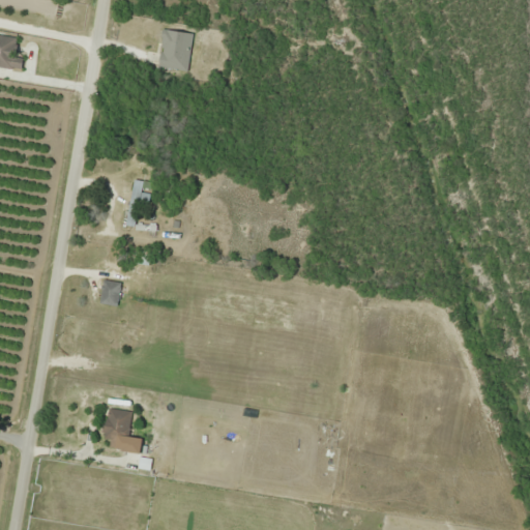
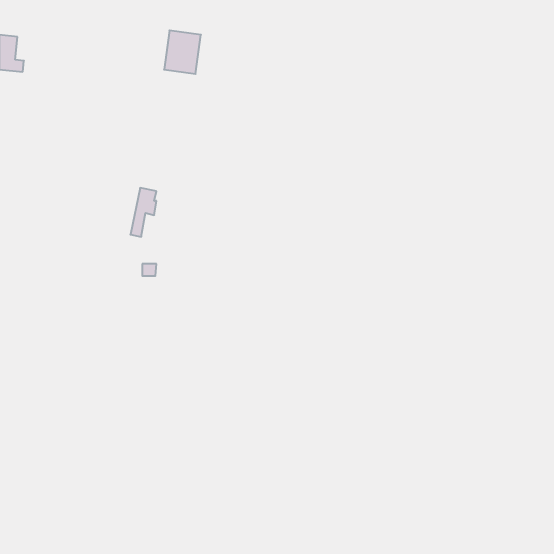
building: [99,279,119,305] -> none
building: [102,407,142,453] -> none

